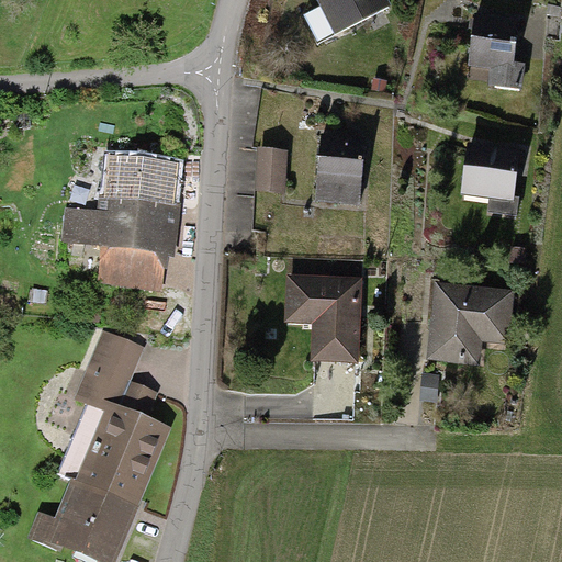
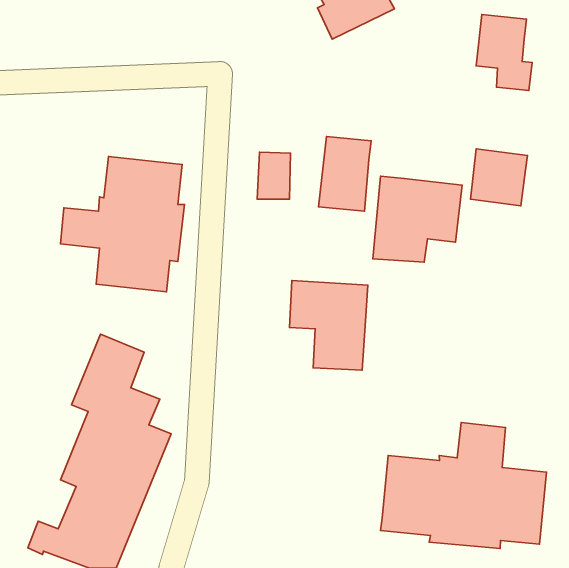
building: [427,281,515,366] -> [373,176,462,262]
building: none -> [381,423,546,548]

